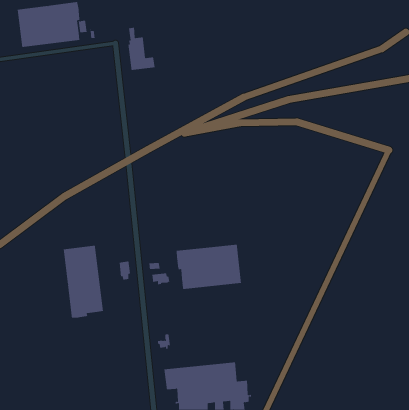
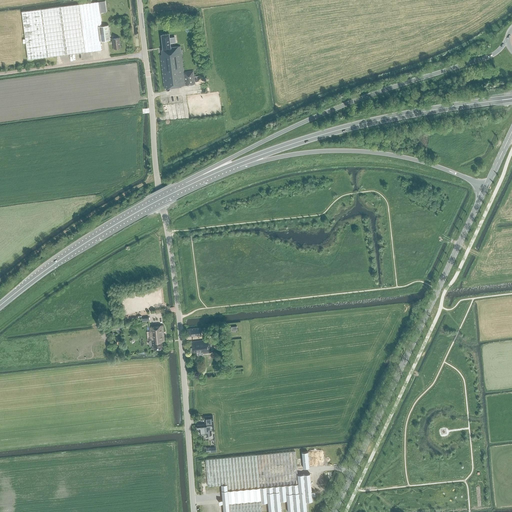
building: [176,244,241,290] -> none
building: [63,245,104,319] -> none

